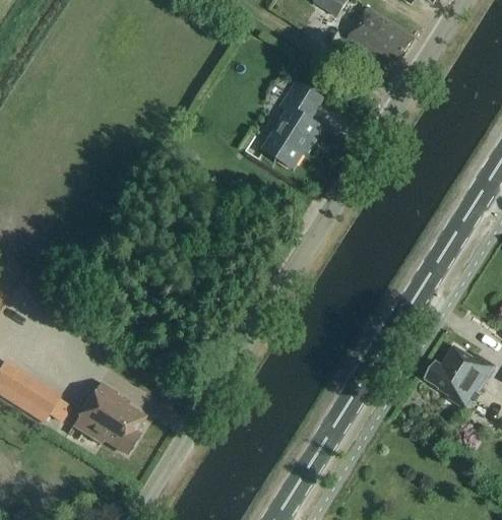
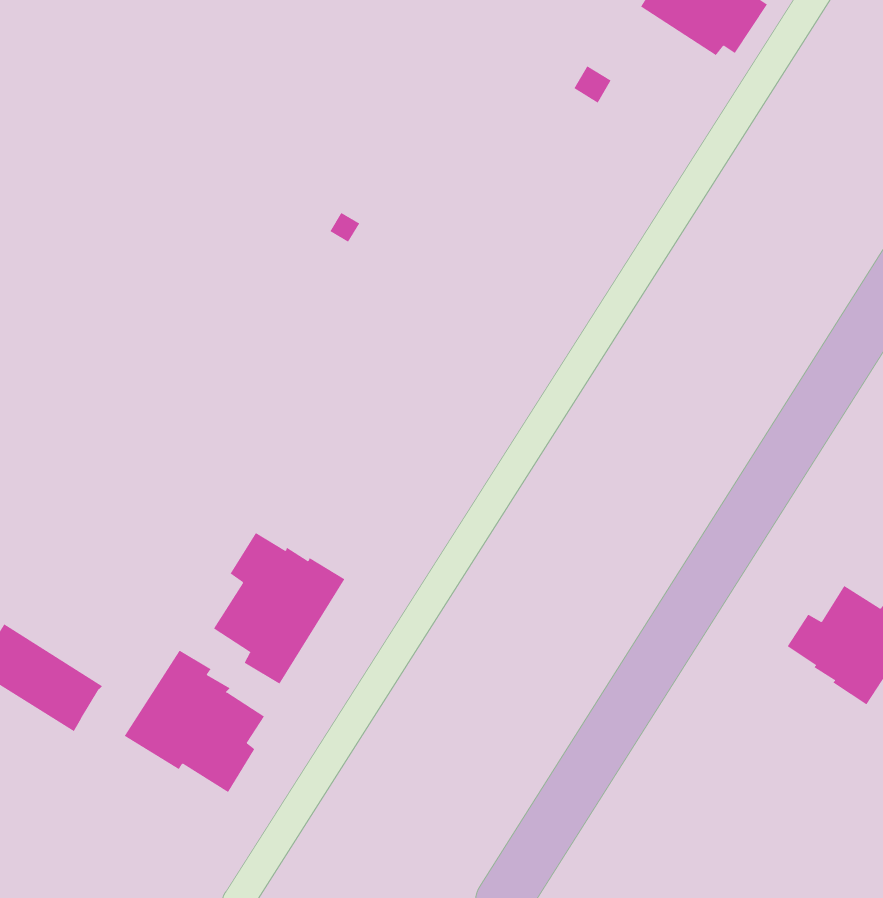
building: [260,78,325,170] -> none
building: none -> [213,532,345,685]

